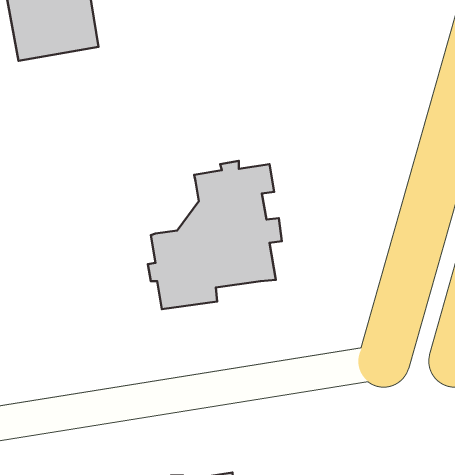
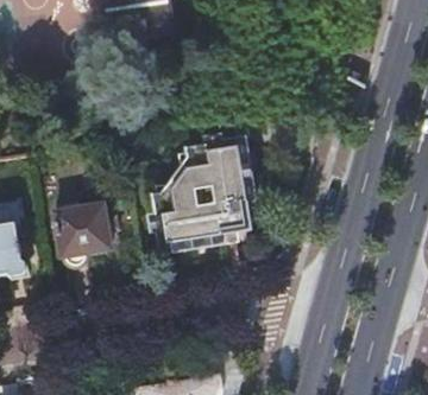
building: none -> [55,202,112,262]

